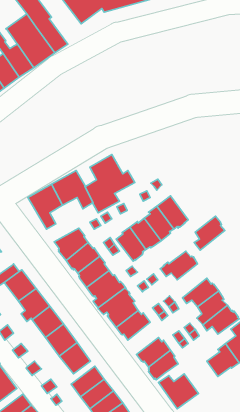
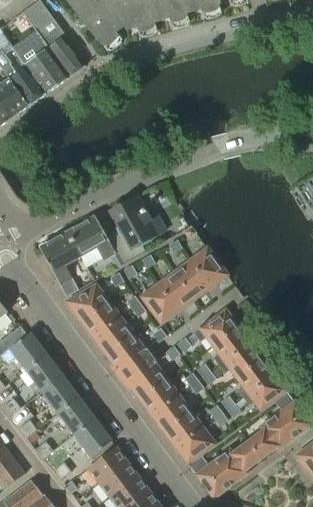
building: [194,216,225,250] -> [212,326,248,366]
building: none -> [155,395,191,433]
building: none -> [221,441,261,479]

